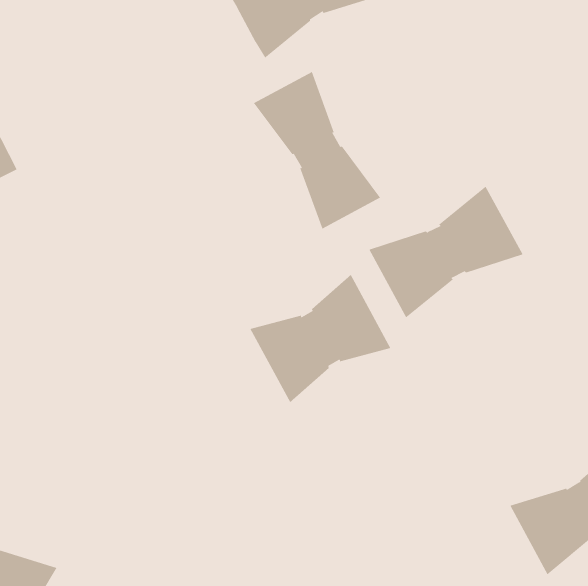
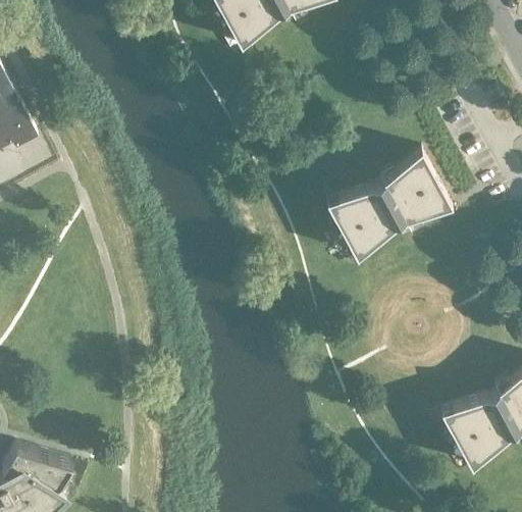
building: [253,71,381,230] -> none
building: [250,274,391,403] -> none

